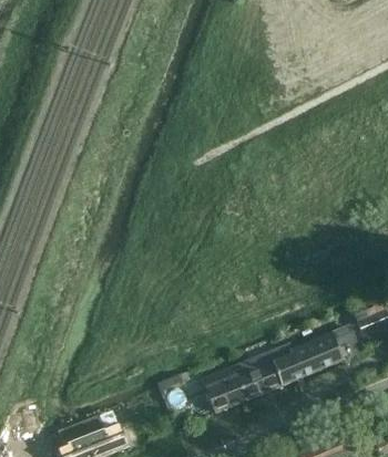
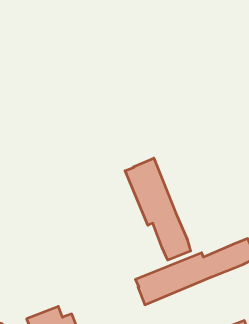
building: none -> [125,158,191,260]

